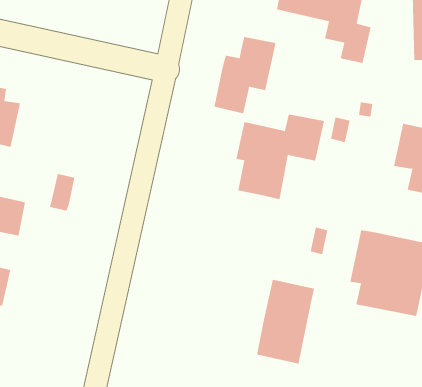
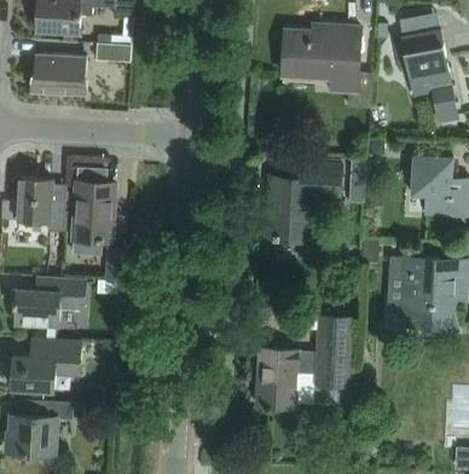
building: [214,36,276,114] -> none
building: none -> [71,181,115,258]
building: none -> [256,349,314,410]

